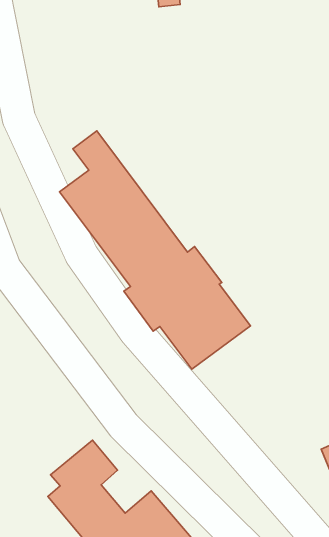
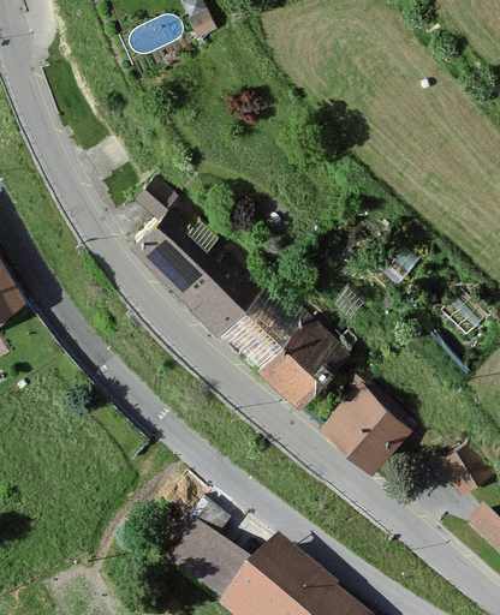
building: none -> [319,382,417,480]

